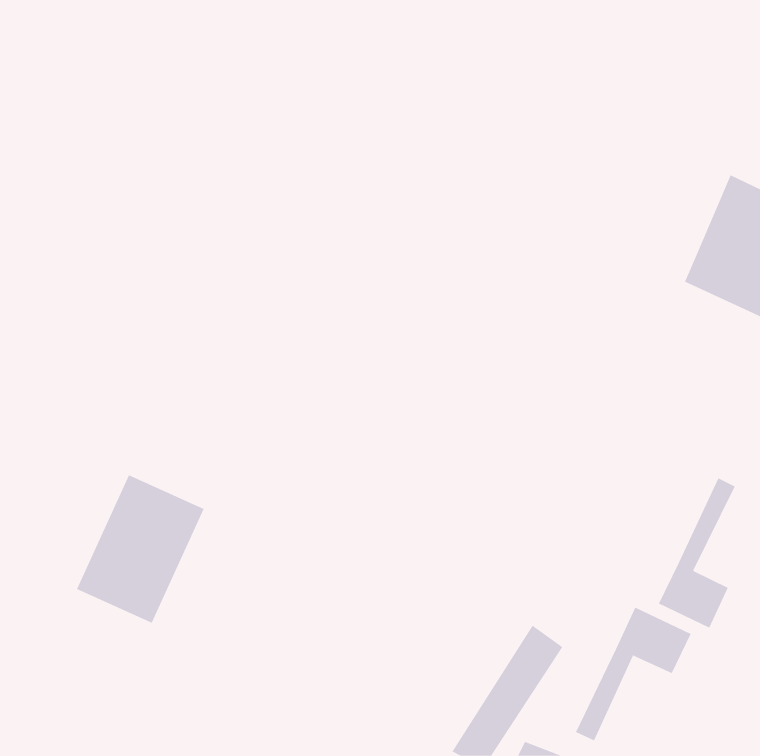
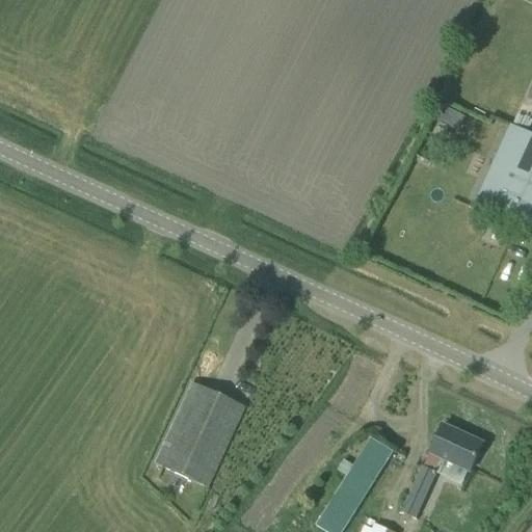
building: [76,474,204,624] -> [155,381,244,485]
building: [658,477,736,628] -> none

